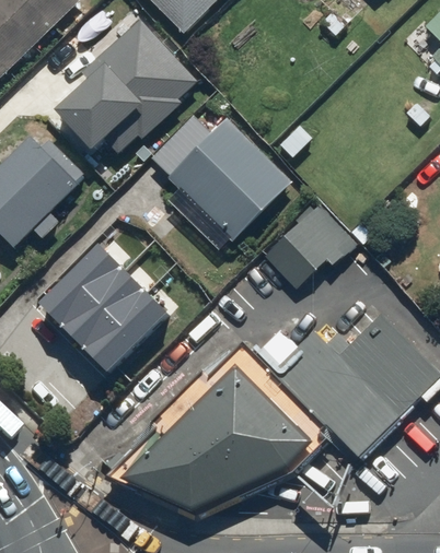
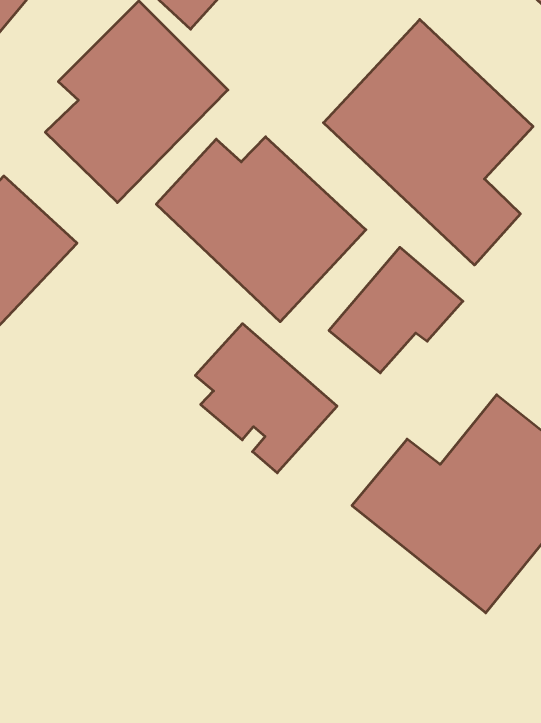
building: none -> [323,19,533,265]
building: [62,244,161,351] -> [195,324,337,473]
building: [117,360,310,505] -> none

